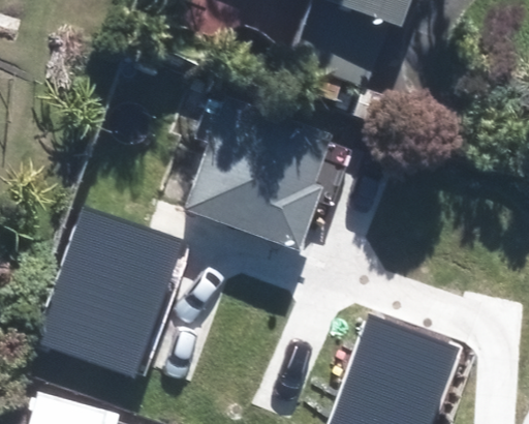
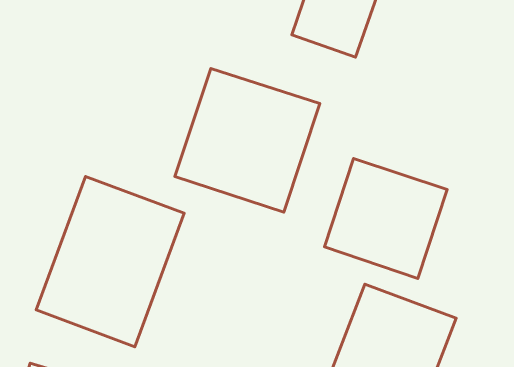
building: none -> [325,159,447,279]

